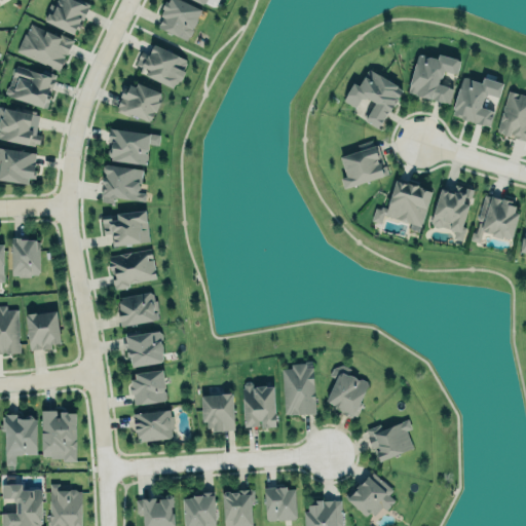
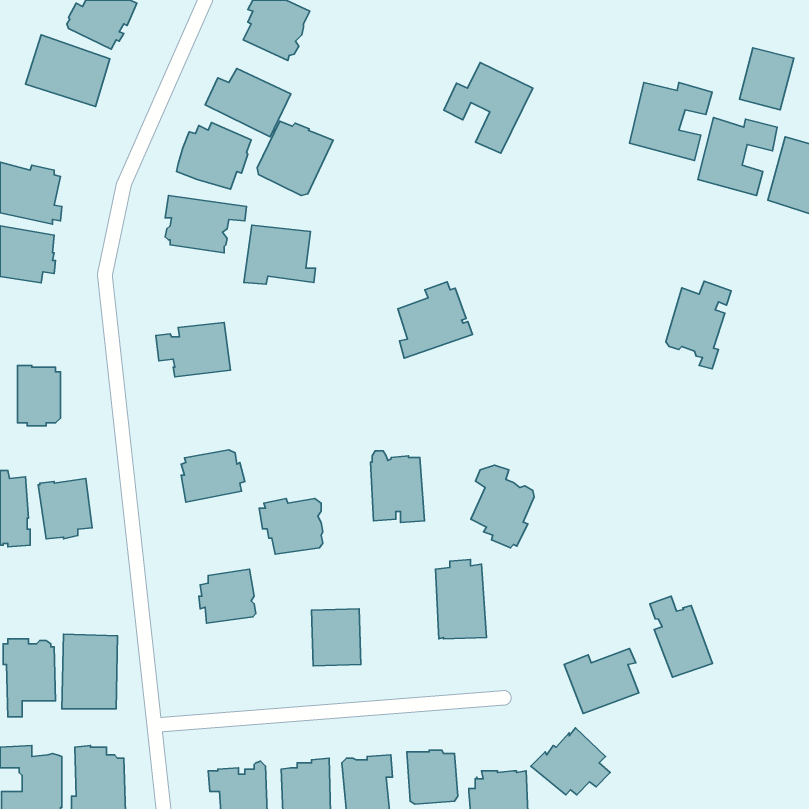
building: none -> [740,48,794,110]
building: [7,66,57,109] -> none
building: [345,72,403,130] -> [444,63,533,153]
building: none -> [257,121,333,195]
building: [341,140,389,189] -> [398,282,473,358]
building: [101,166,147,204] -> [244,225,315,284]
building: [373,182,433,234] -> none
building: [471,194,520,245] -> none
building: [110,250,157,291] -> none
building: [123,331,164,367] -> [259,499,323,554]
building: [328,366,369,419] -> [471,465,534,548]
building: [243,382,278,428] -> [370,451,424,523]
building: none -> [650,596,713,677]
building: [134,410,176,442] -> none

